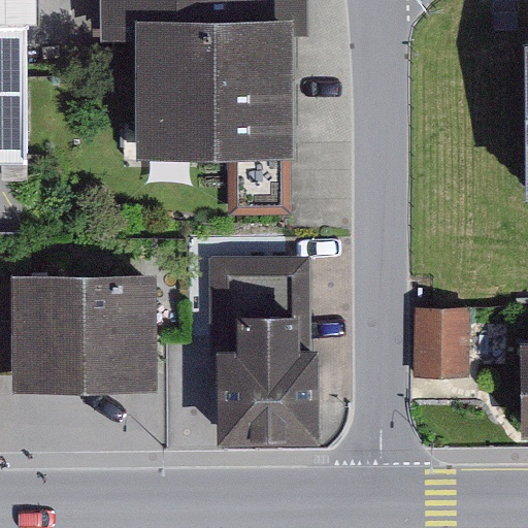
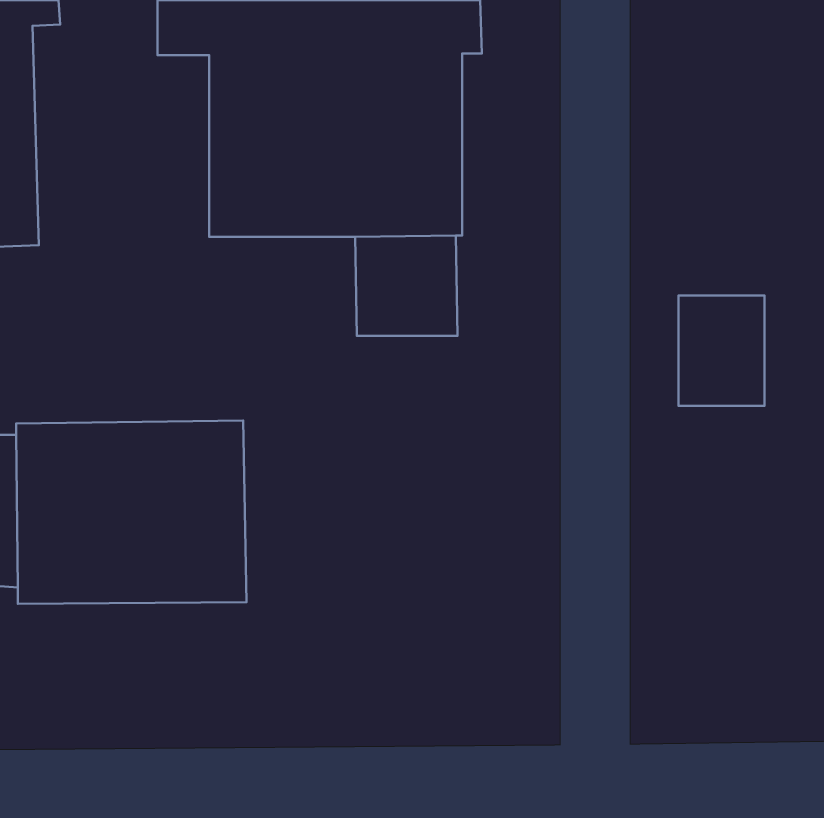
building: [206,260,318,442] -> none
building: [412,312,467,383] -> [679,296,765,406]

